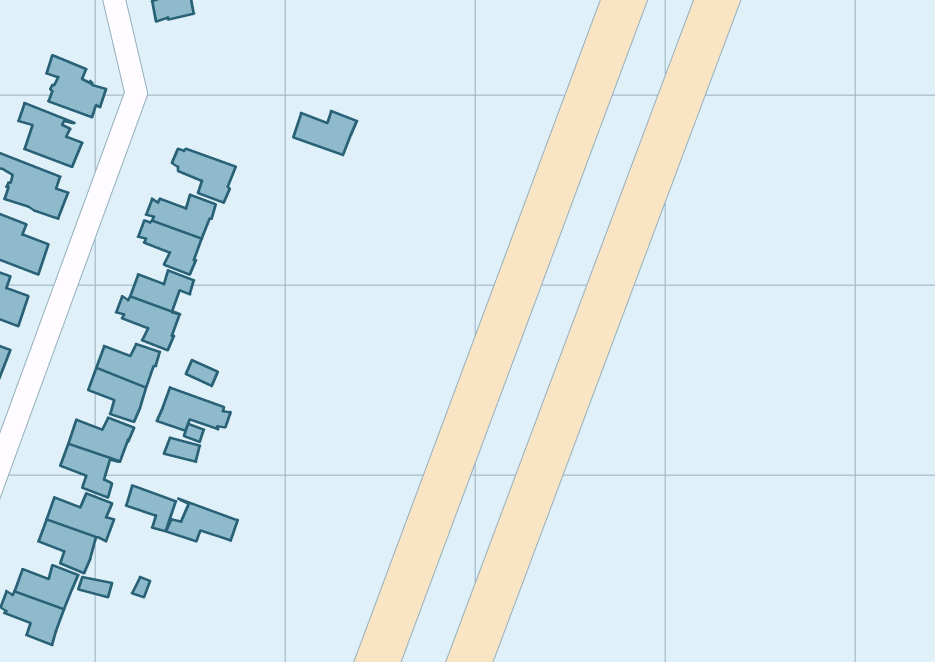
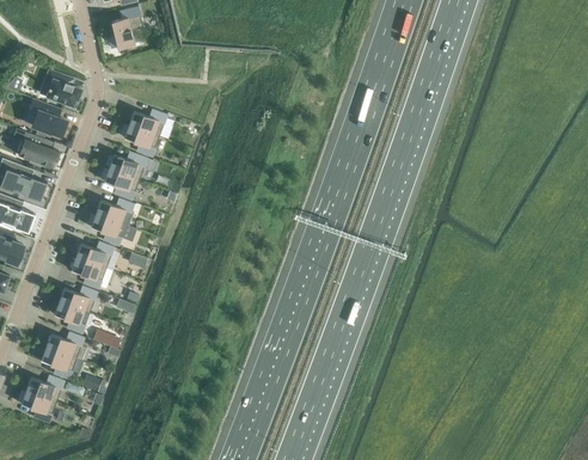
building: [293,111,357,155] -> [129,110,167,136]
building: [157,387,230,431] -> none
building: [166,499,238,541] -> none

